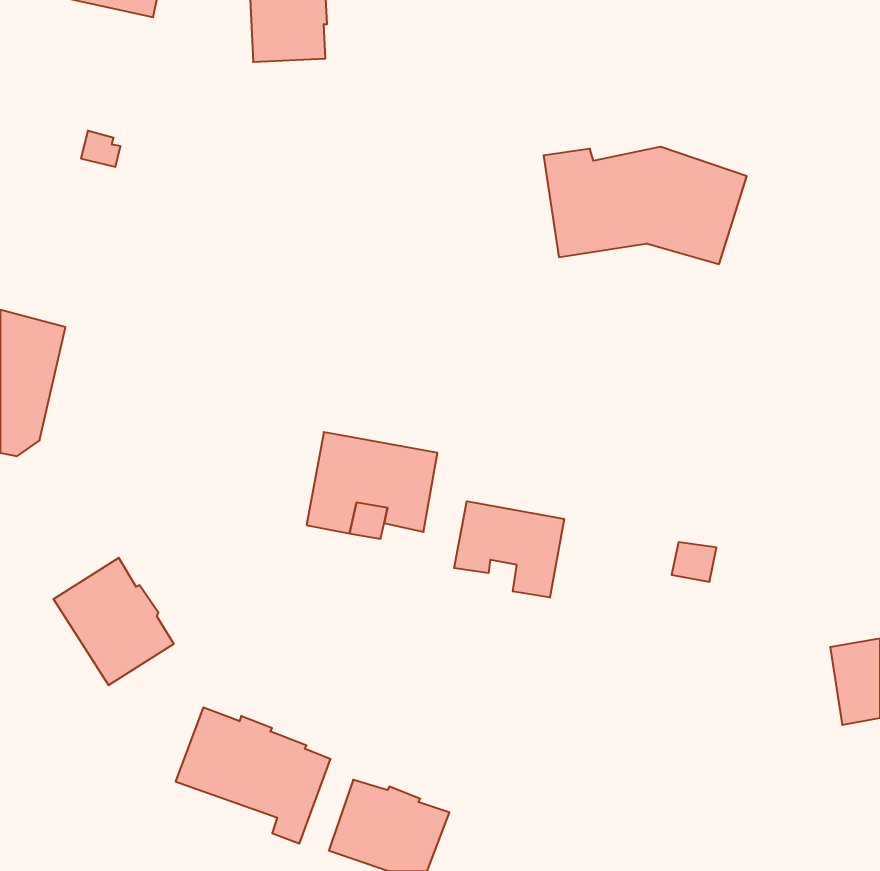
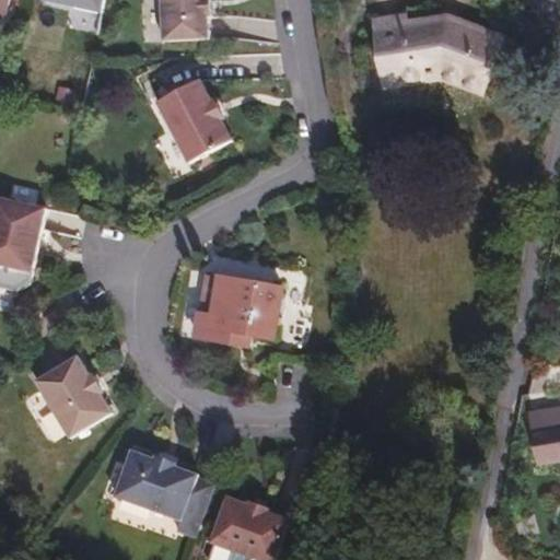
building: none -> [156,77,231,159]
building: [543,147,747,264] -> [371,13,500,88]
building: [454,501,564,598] -> none

